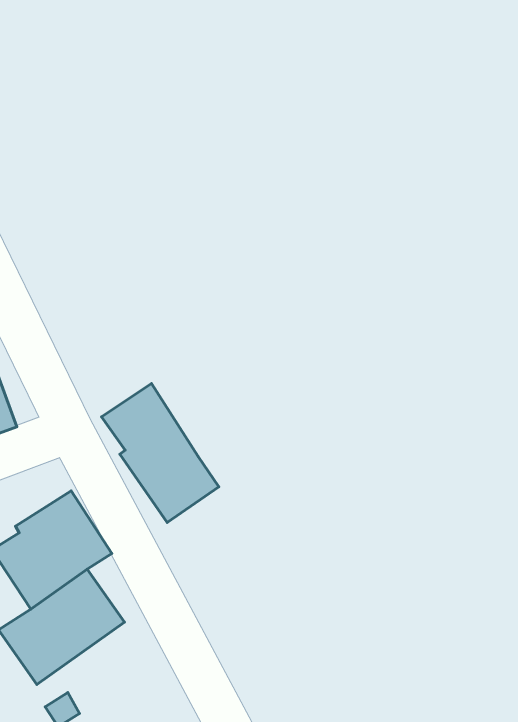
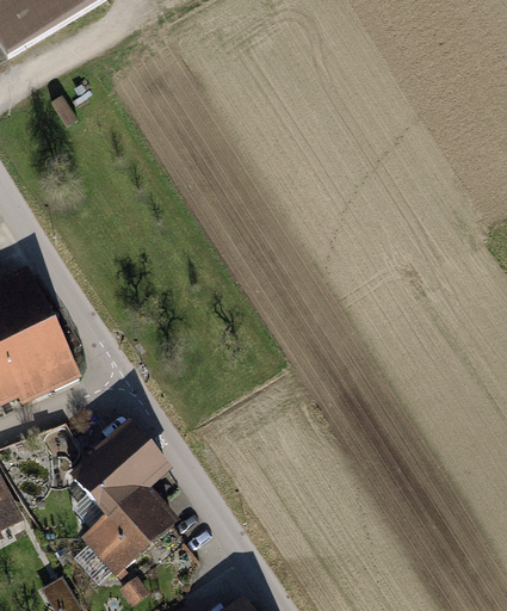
building: [101,383,219,522] -> none

